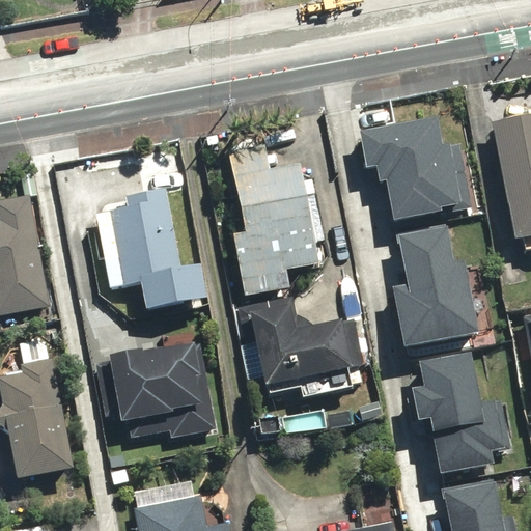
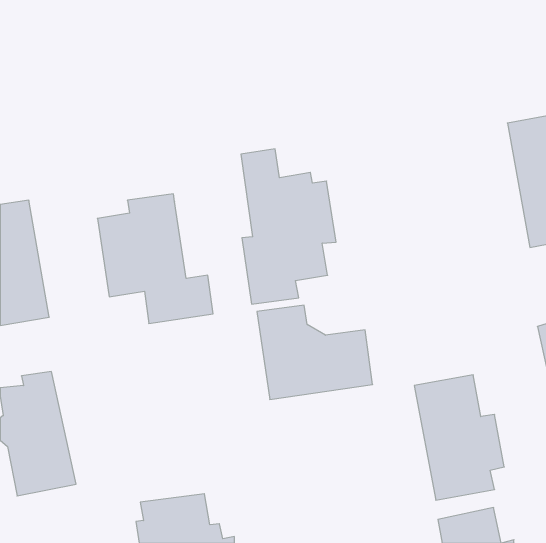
building: [351,118,460,219] -> none
building: [382,223,471,351] -> none
building: [100,340,216,446] -> none

